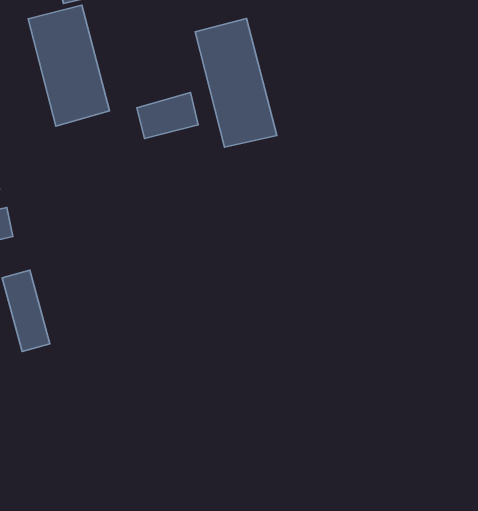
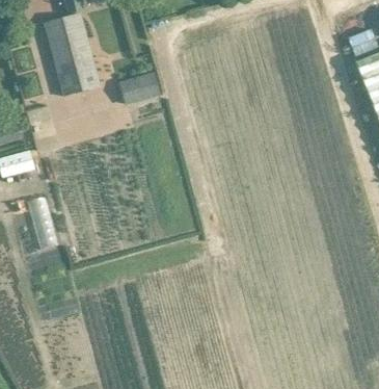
building: [195,19,277,147] -> none

